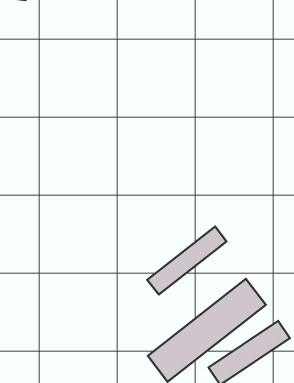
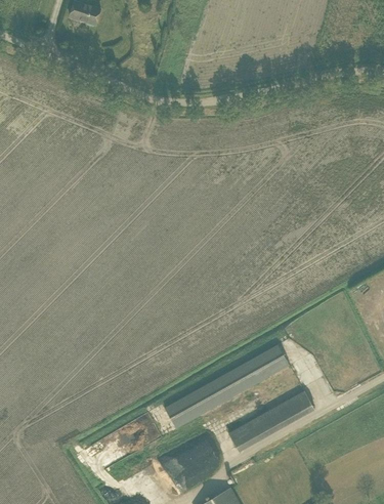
building: [147,227,227,295] -> none

